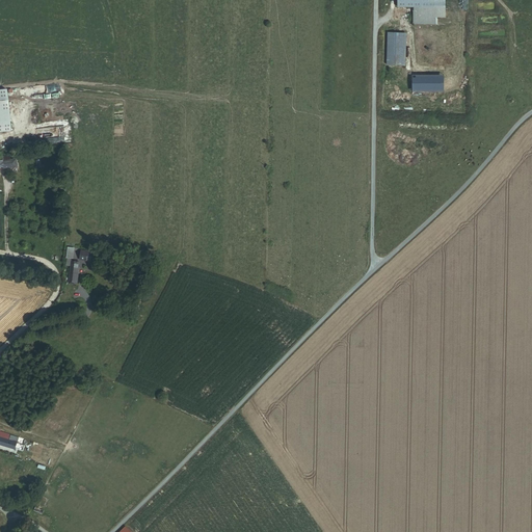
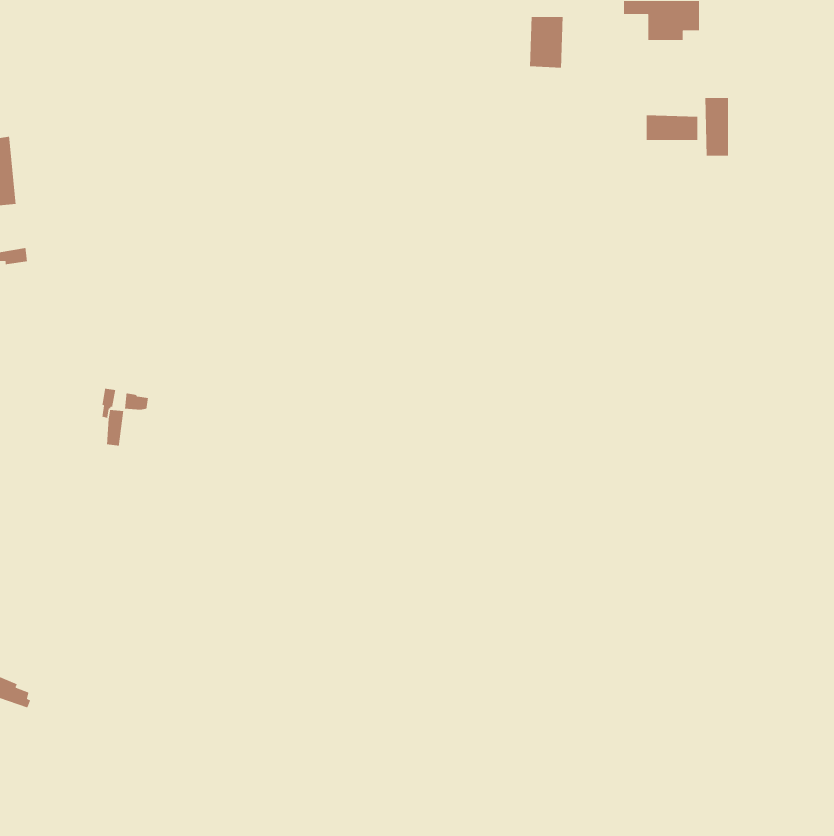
building: [385,31,407,64] -> [529,16,563,68]
building: none -> [704,97,729,157]

